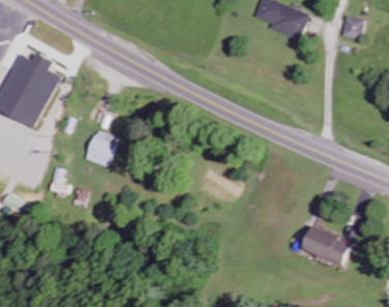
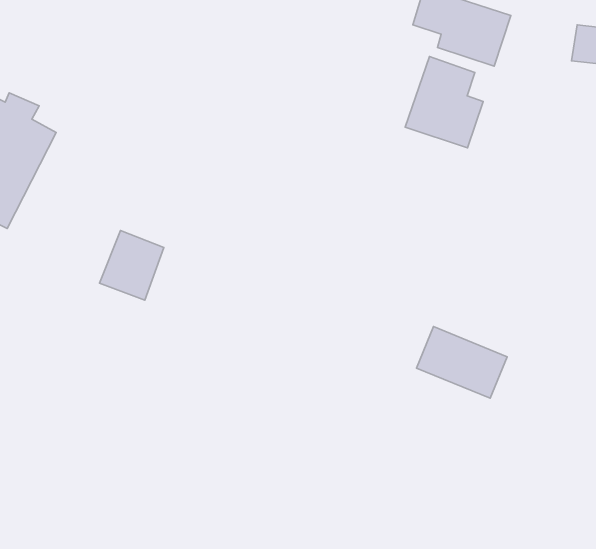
building: none -> [405,56,483,148]
building: [300,224,350,264] -> [417,327,507,398]

